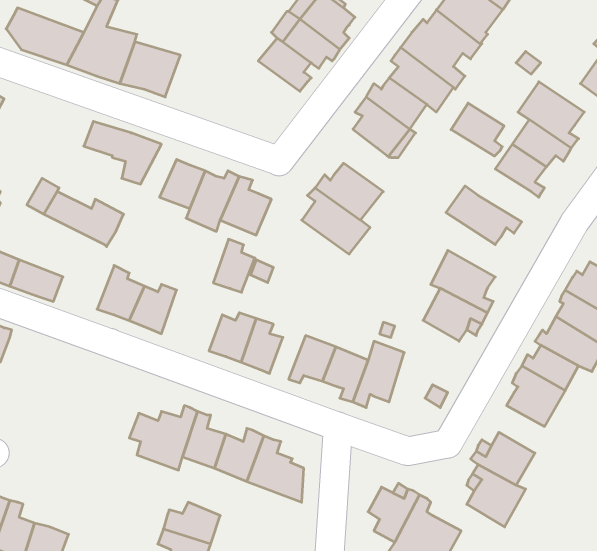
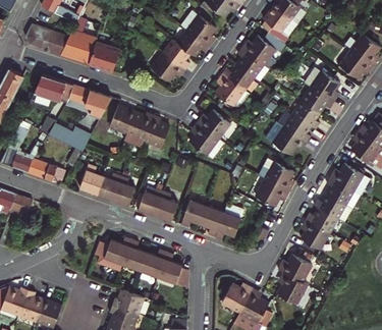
building: none -> [152,53,185,81]
building: none -> [35,75,74,104]
building: [451,103,504,156] -> [281,111,310,140]
building: [213,239,255,292] -> [111,176,133,205]

